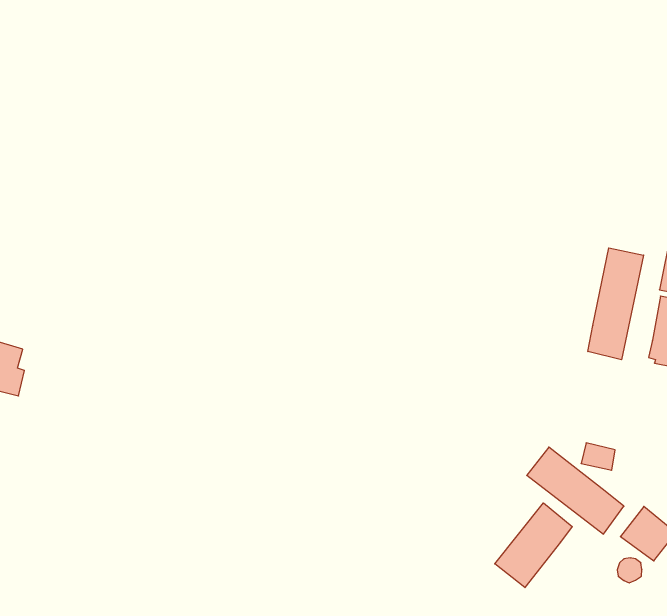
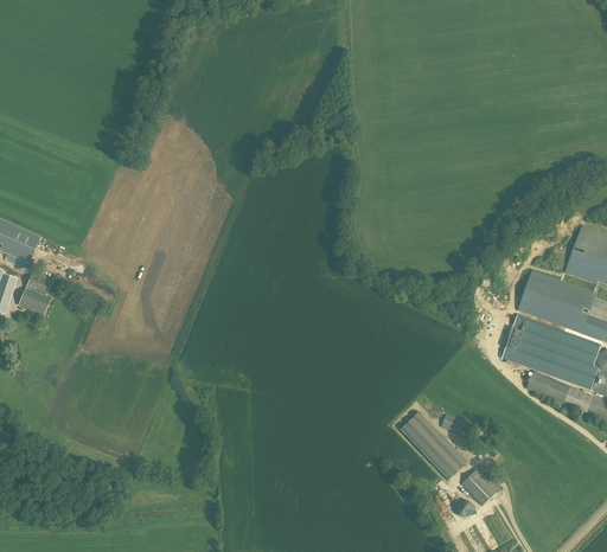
building: [588,248,644,360] -> none
building: [495,503,572,588] -> none

